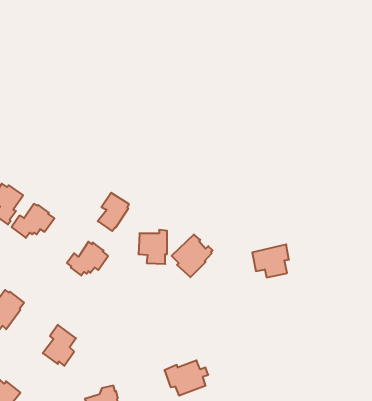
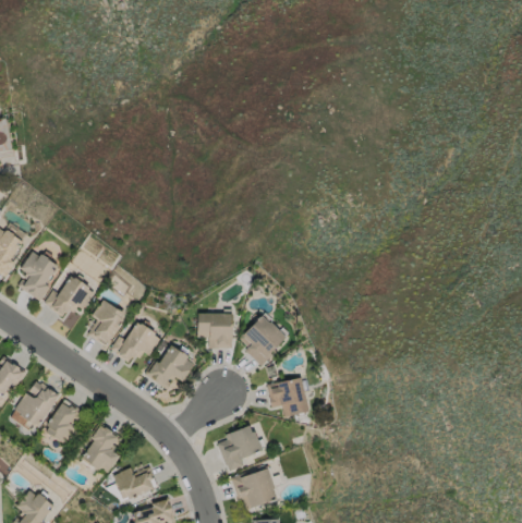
building: [98,193,129,231] -> [87,300,125,346]
building: [252,244,289,277] -> [267,376,312,416]
building: none -> [143,345,194,391]
building: none -> [46,400,88,446]
building: none -> [218,426,265,473]
building: none -> [112,469,157,500]

